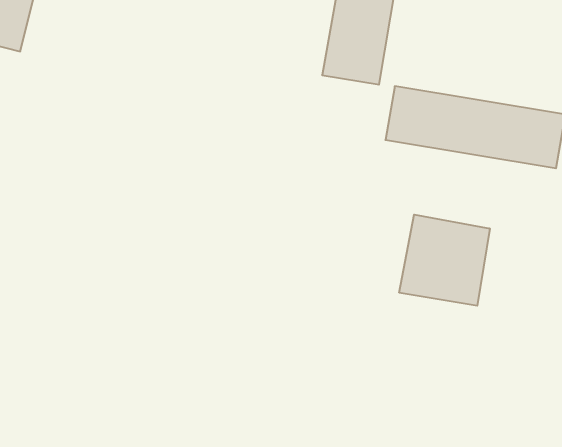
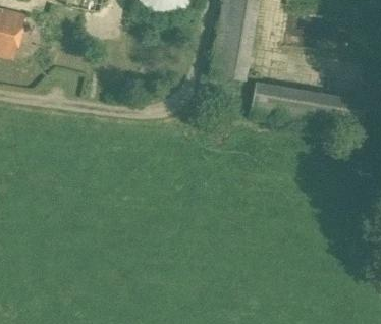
building: [399,215,490,306] -> none

